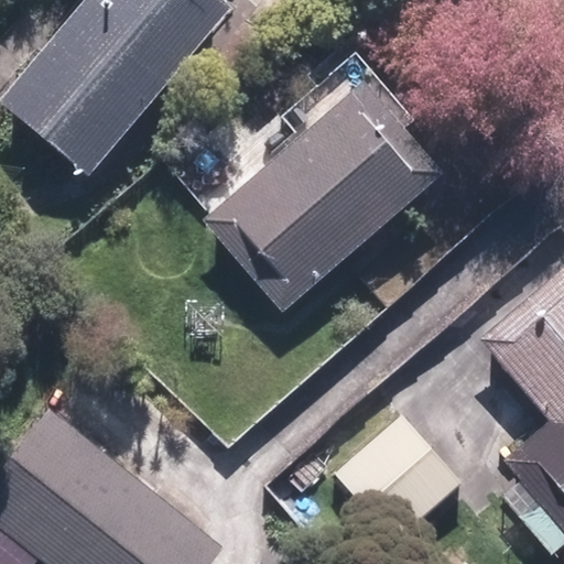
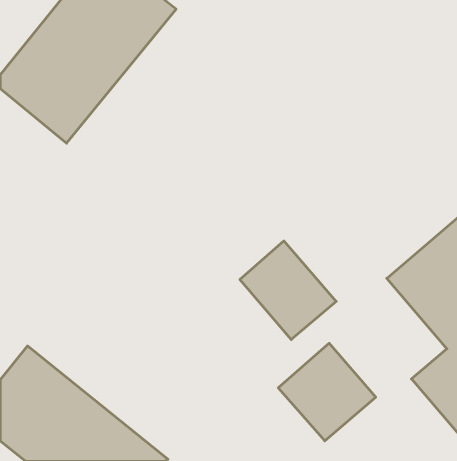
building: [206,88,436,310] -> none
building: none -> [240,241,336,340]

